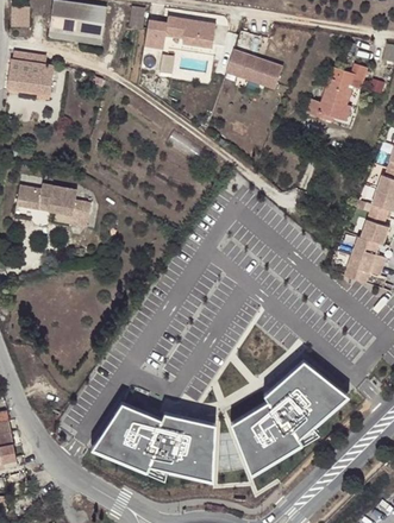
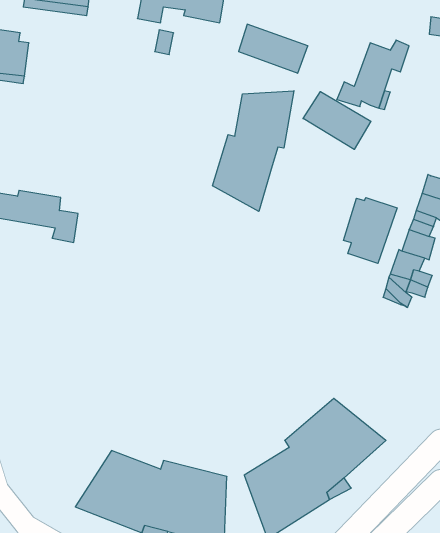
building: none -> [213,91,294,211]
building: none -> [303,92,371,149]
building: none -> [343,198,397,263]

